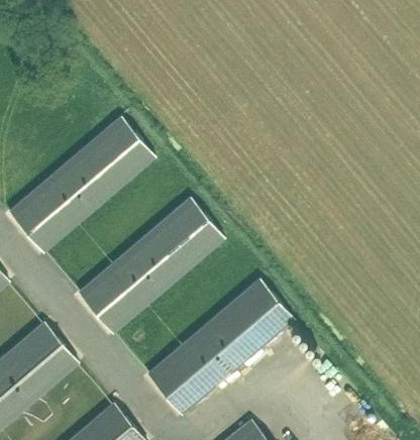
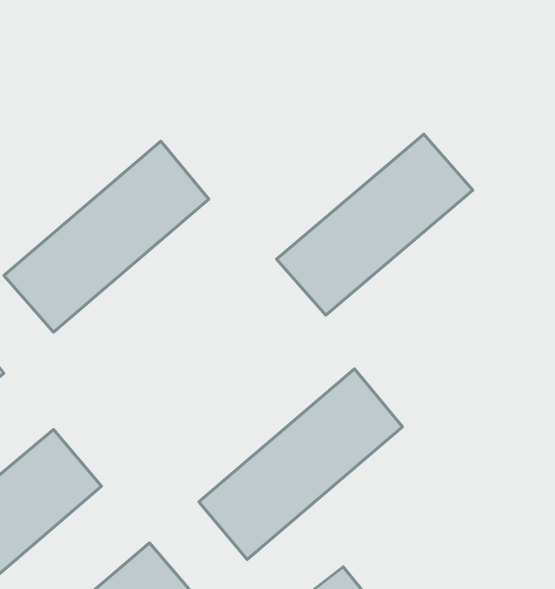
building: none -> [277,134,473,315]
building: [78,198,224,333] -> none

